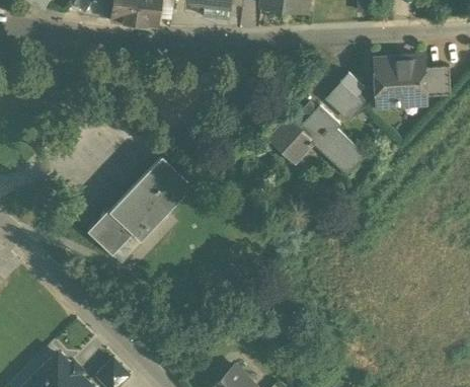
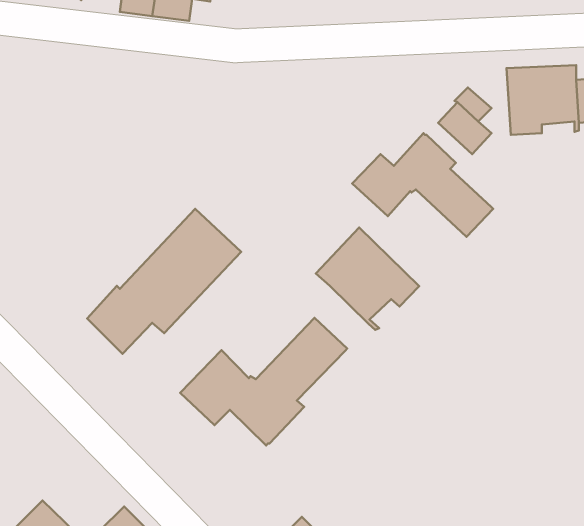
building: none -> [316,228,419,330]
building: none -> [180,318,347,446]

